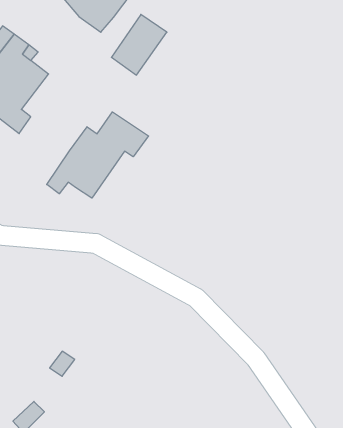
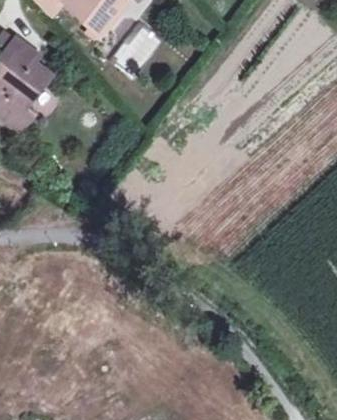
building: [47,112,149,198] -> none

